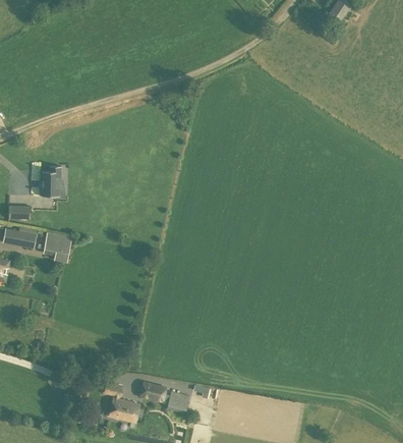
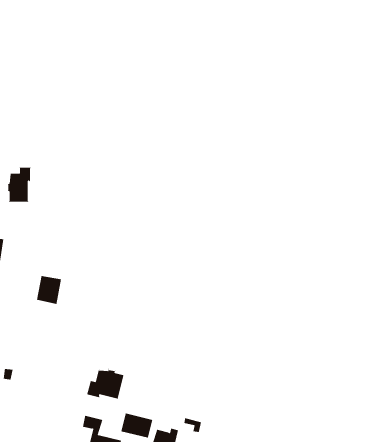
building: [43,232,65,258] -> [36,276,62,305]
building: none -> [86,368,125,401]

